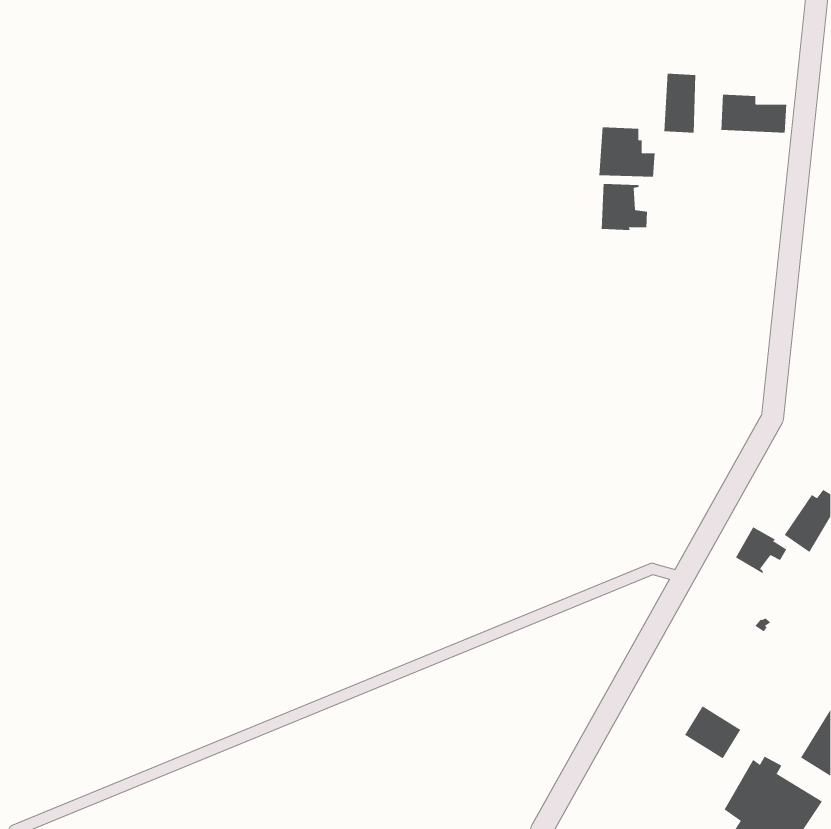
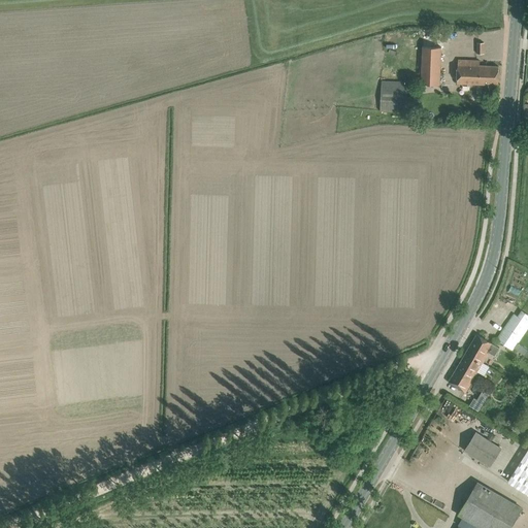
building: [601,183,648,231] -> none
building: none -> [450,355,484,392]
building: [684,706,741,759] -> [465,433,501,467]

